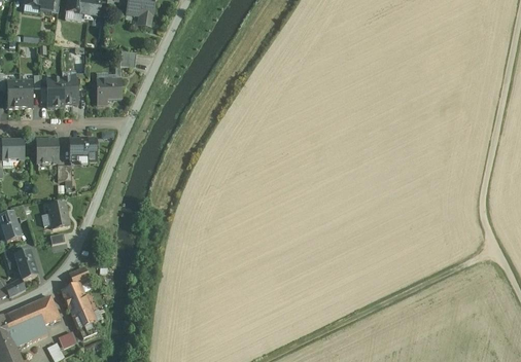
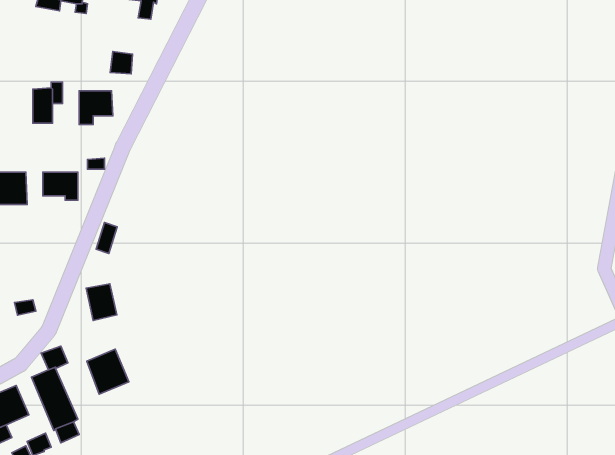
building: [47,77,63,105] -> none
building: [47,201,70,227] -> [86,284,117,320]
building: none -> [87,349,129,394]

